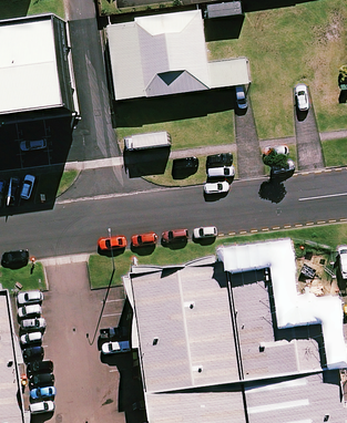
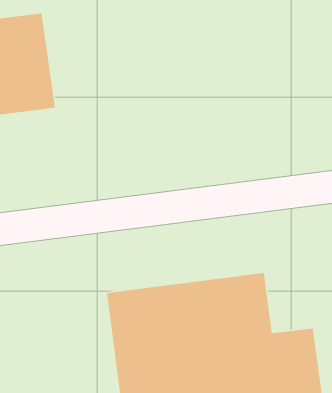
building: [115,12,252,100] -> none

